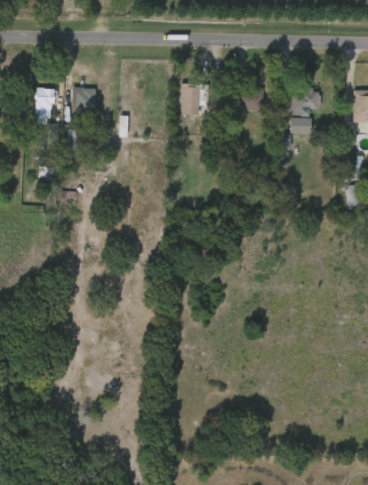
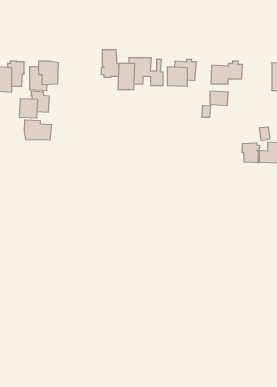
building: none -> [101,49,118,77]
building: none -> [24,120,52,140]
building: none -> [242,143,259,163]

